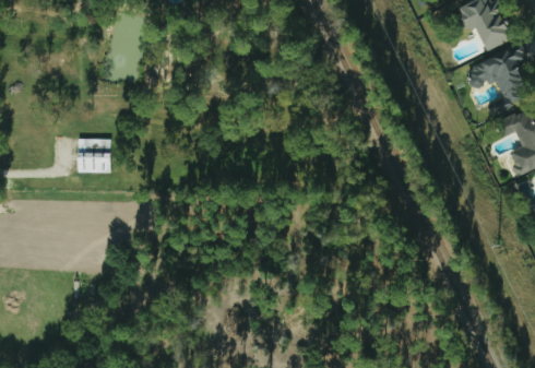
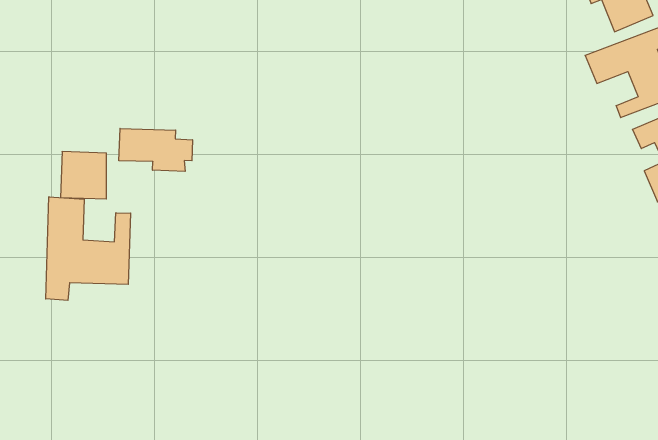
building: none -> [119,128,192,171]
building: none -> [46,197,131,300]

